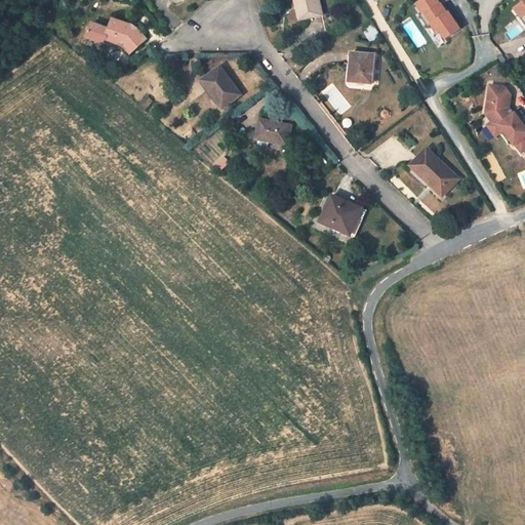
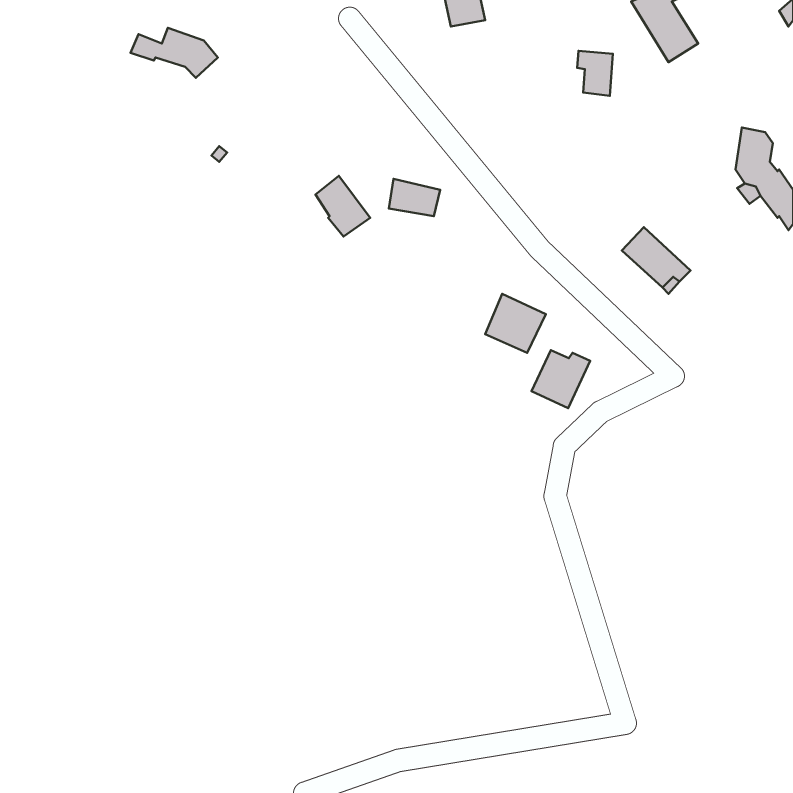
building: [348,52,371,82] -> [577,51,613,96]
building: [203,66,239,106] -> [316,176,370,236]
building: none -> [531,350,590,408]

